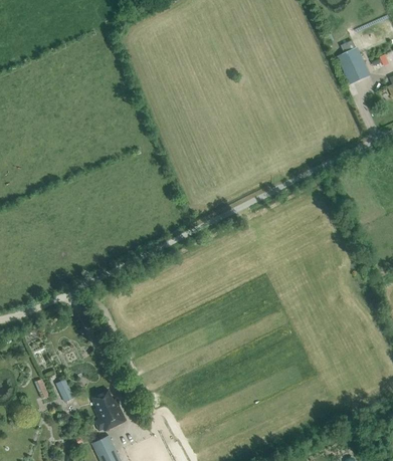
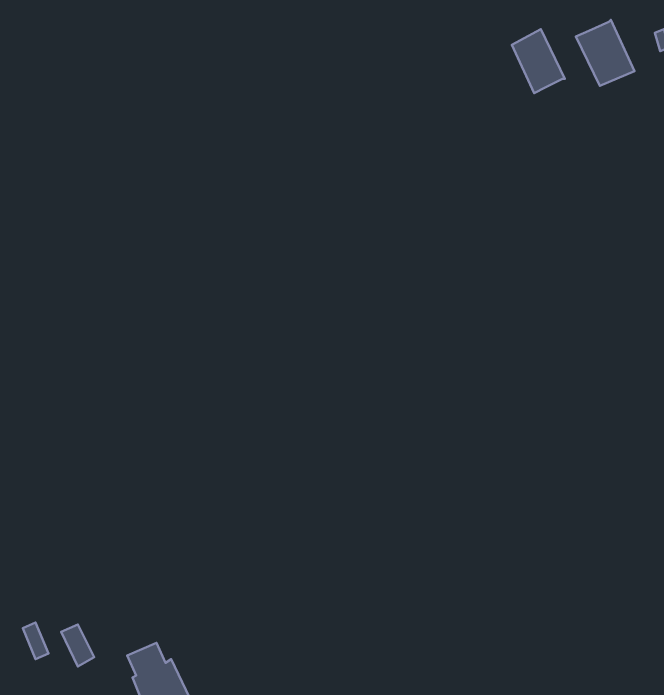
building: none -> [512,29,565,93]

